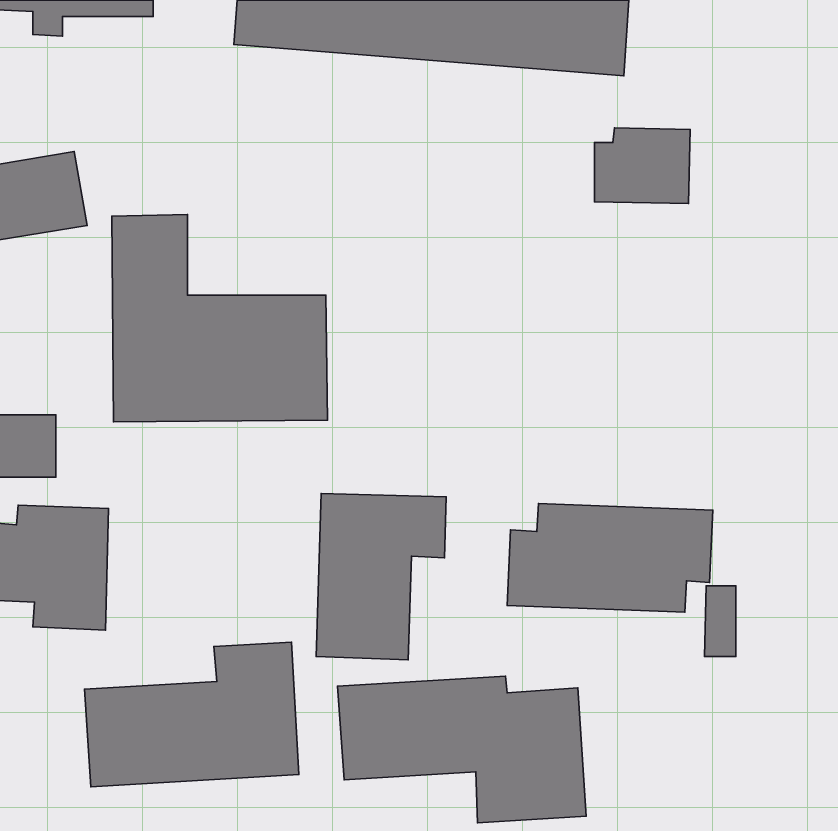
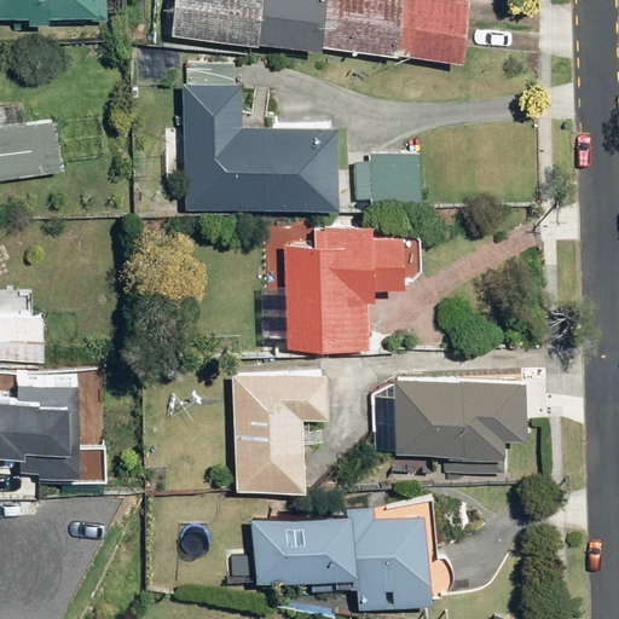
building: [595,128,690,203] -> [352,154,422,209]
building: [112,214,327,422] -> [184,63,342,215]
building: none -> [279,222,403,347]
building: [84,642,299,787] -> none

